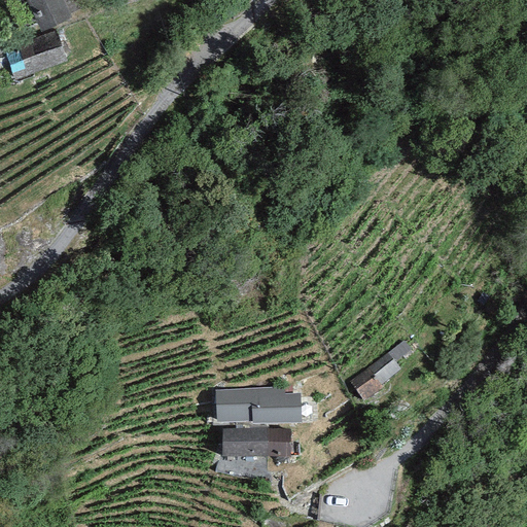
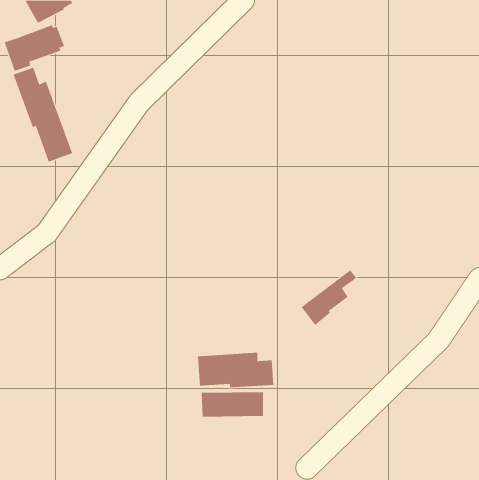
building: none -> [13,67,73,163]
building: [350,340,412,401] -> [301,269,357,326]

